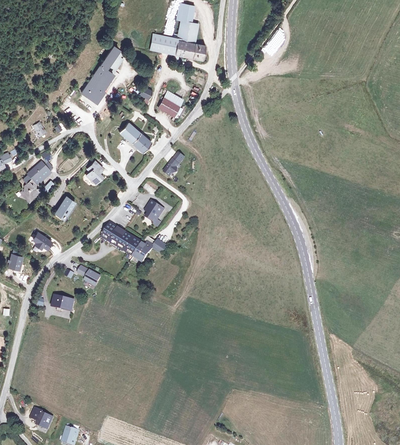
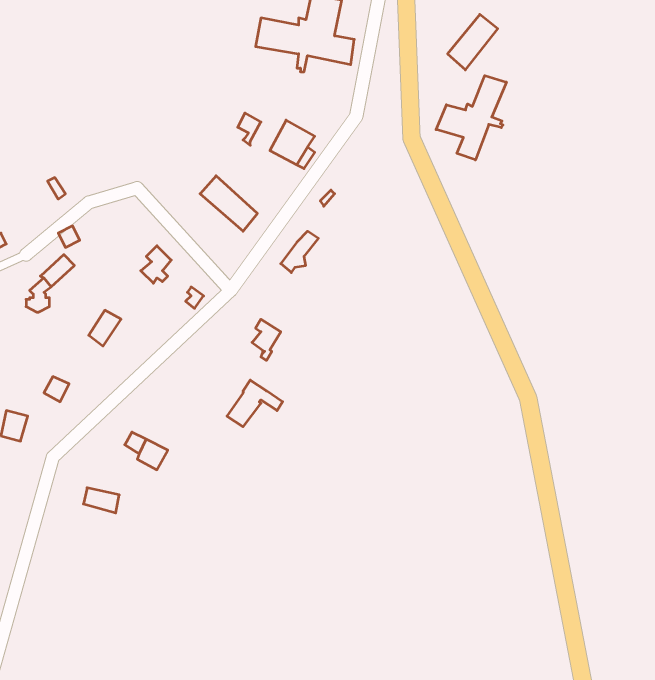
building: [81,46,122,102] -> none
building: none -> [436,76,506,160]
building: [101,222,142,256] -> none

